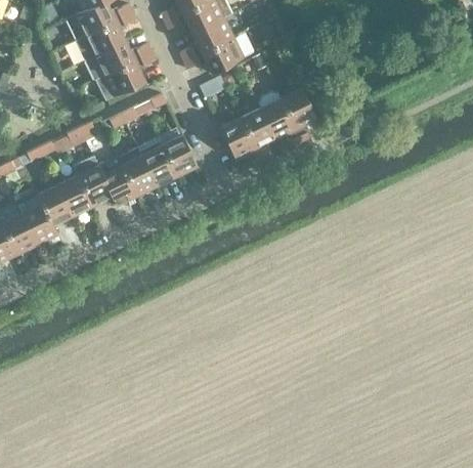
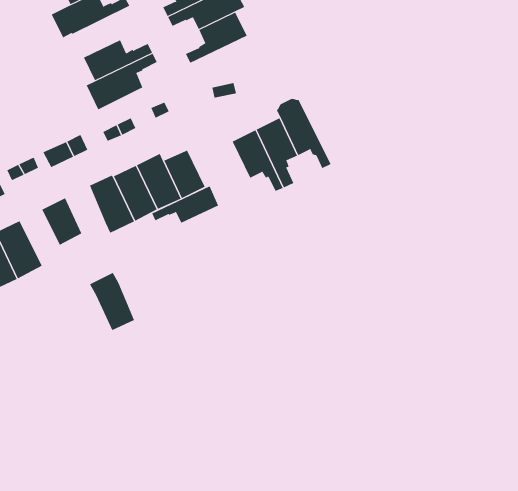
building: [83,11,137,55] -> none
building: [184,37,254,73] -> none
building: [281,87,317,146] -> none
building: [73,156,112,206] -> [89,272,135,331]
building: none -> [151,185,229,224]
building: [39,185,73,225] -> none

